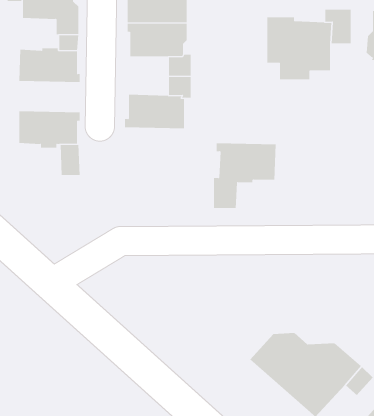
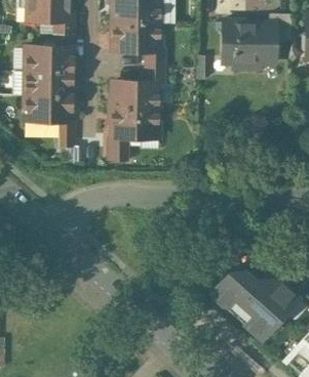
building: none -> [25,72,74,96]
building: [213,143,277,209] -> [107,109,157,161]

